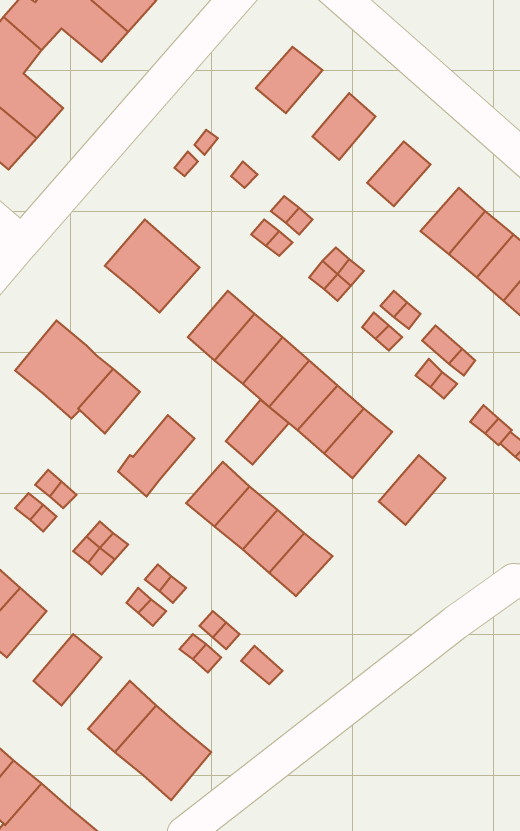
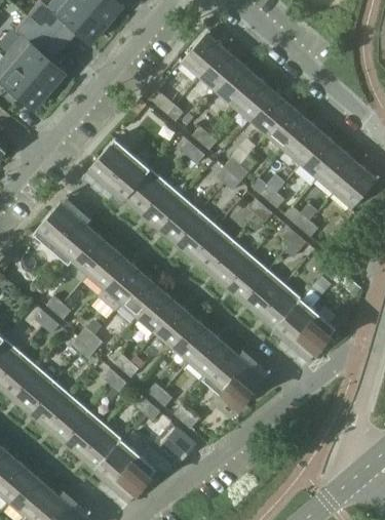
building: none -> [202,48,241,89]
building: none -> [235,77,275,118]
building: none -> [269,107,309,148]
building: none -> [124,170,166,213]
building: none -> [90,247,129,287]
building: [226,400,289,465] -> [124,276,163,316]
building: none -> [243,272,284,315]
building: none -> [276,301,337,358]
building: none -> [203,349,265,408]
building: none -> [30,383,71,426]
building: none -> [64,411,106,455]
building: none -> [161,427,196,462]

